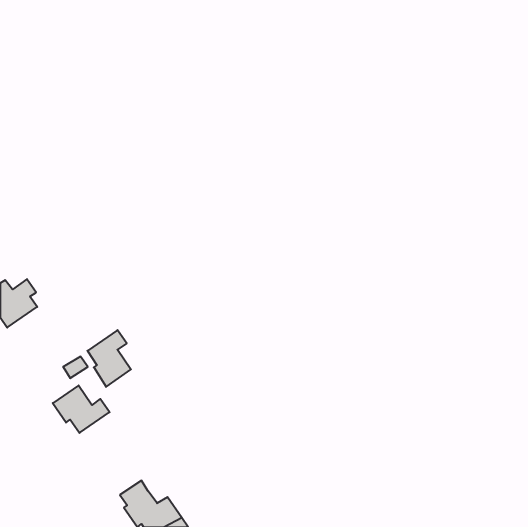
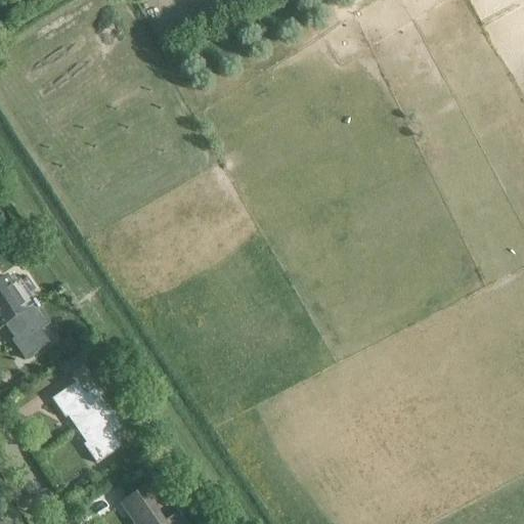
building: none -> [7,304,50,360]
building: [87,330,131,387] -> [79,408,122,465]

